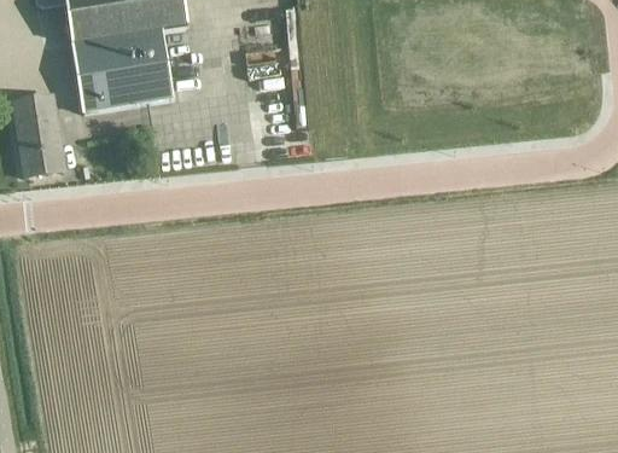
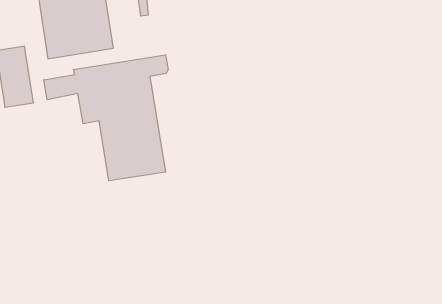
building: none -> [44,55,168,181]

